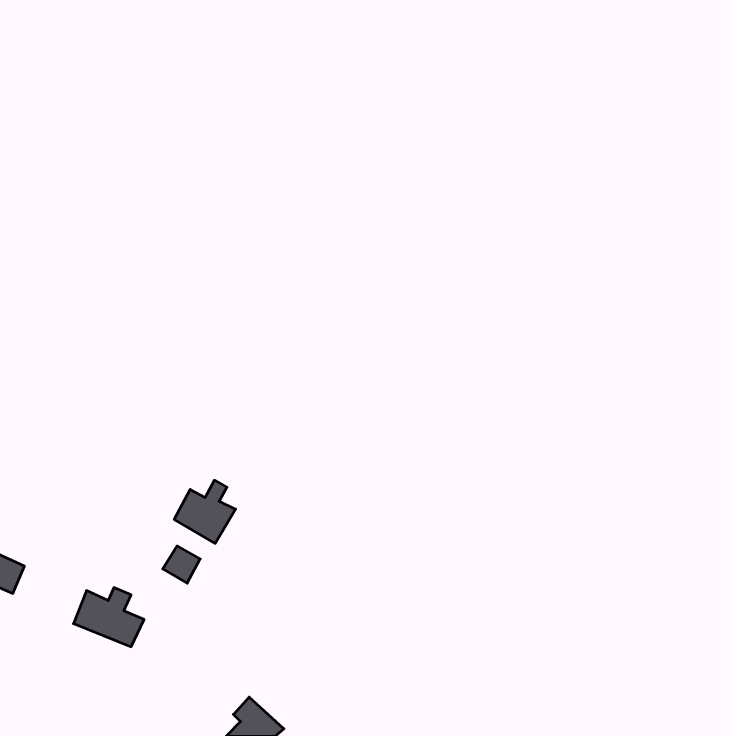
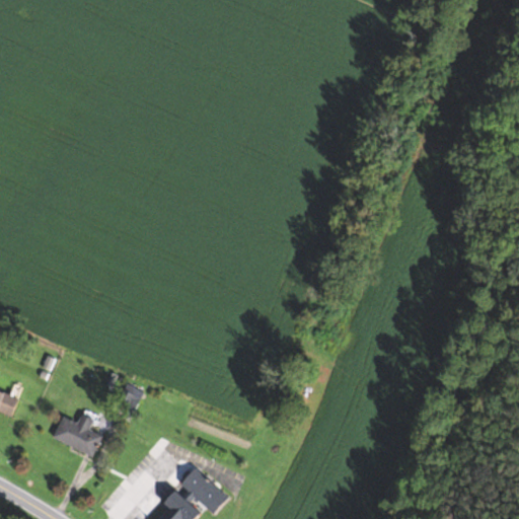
building: [174,480,236,543] -> none
building: none -> [179,468,228,514]

